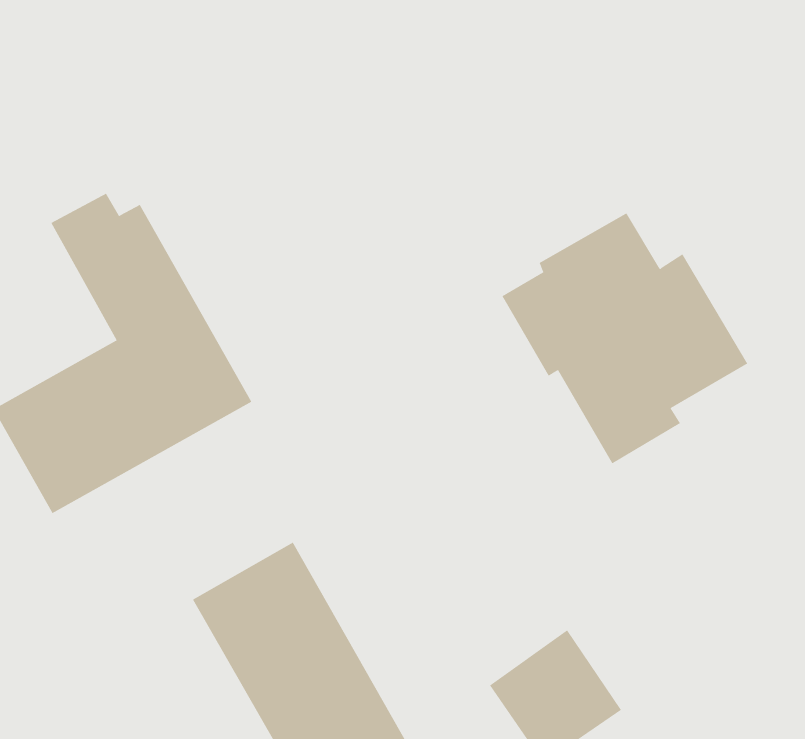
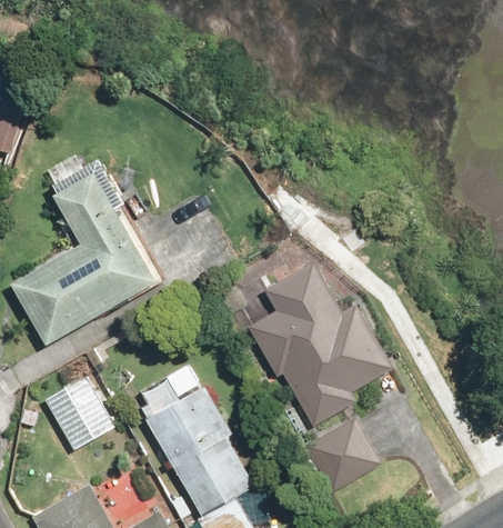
building: [502,212,748,464] -> [247,278,393,428]
building: none -> [42,376,113,451]

